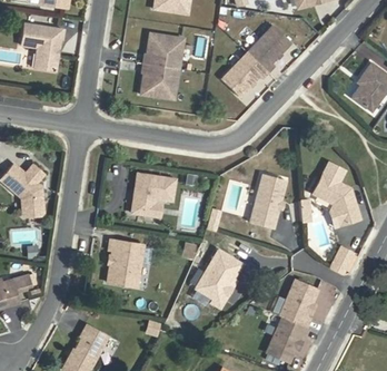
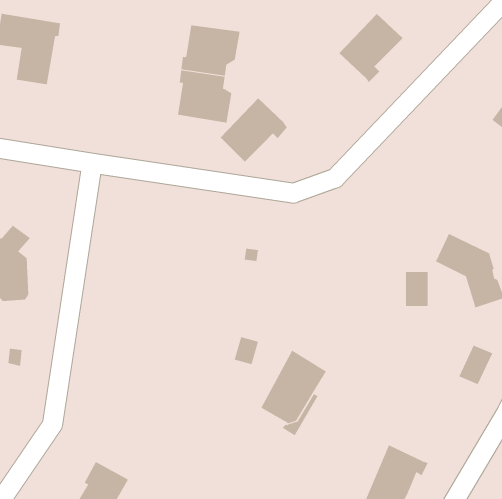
building: [224,50,269,94] -> [220,98,288,163]
building: [131,173,175,215] -> none
building: [249,173,286,227] -> none
building: [108,240,143,286] -> none
building: [280,276,317,323] -> none

